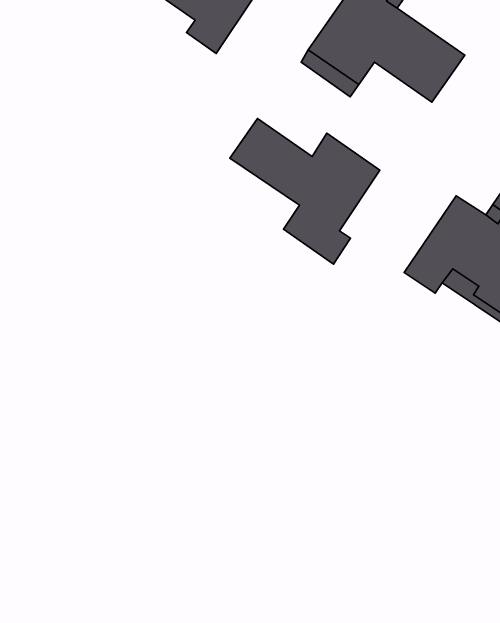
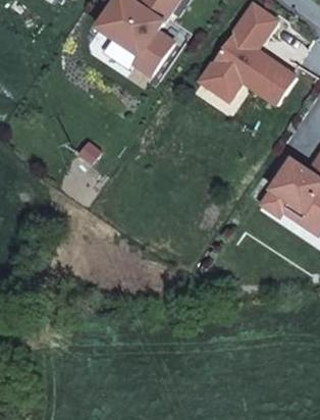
building: [230,119,380,264] -> none

